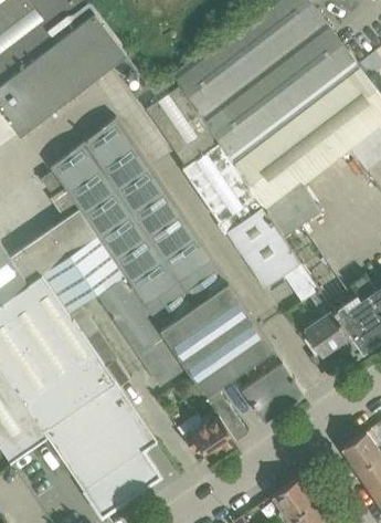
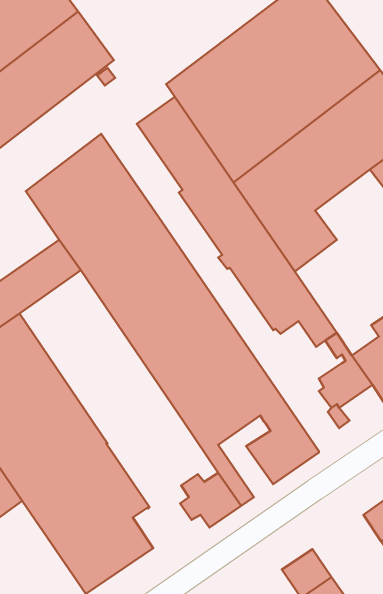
building: [44,237,187,387] -> none

